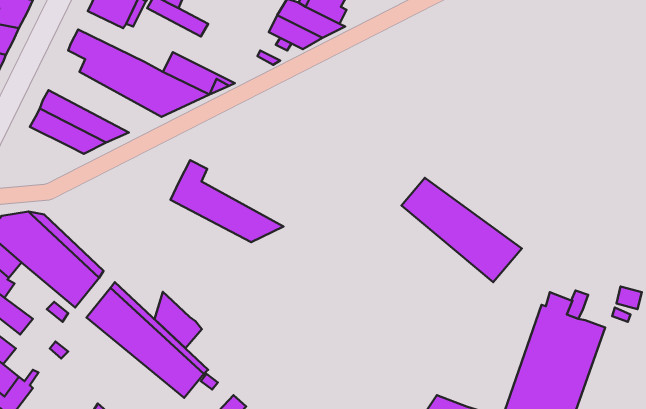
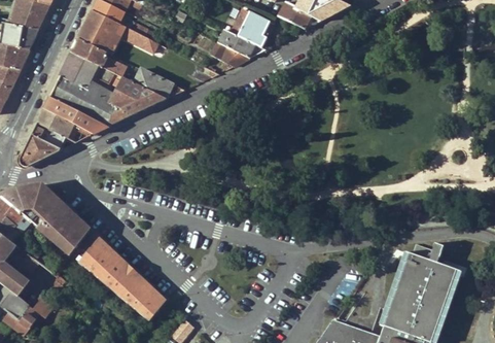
building: none -> [71,38,123,75]
building: none -> [19,123,65,166]
building: [171,160,284,242] -> [49,67,132,127]
building: [401,178,522,282] -> none
building: [155,292,202,348] -> none

